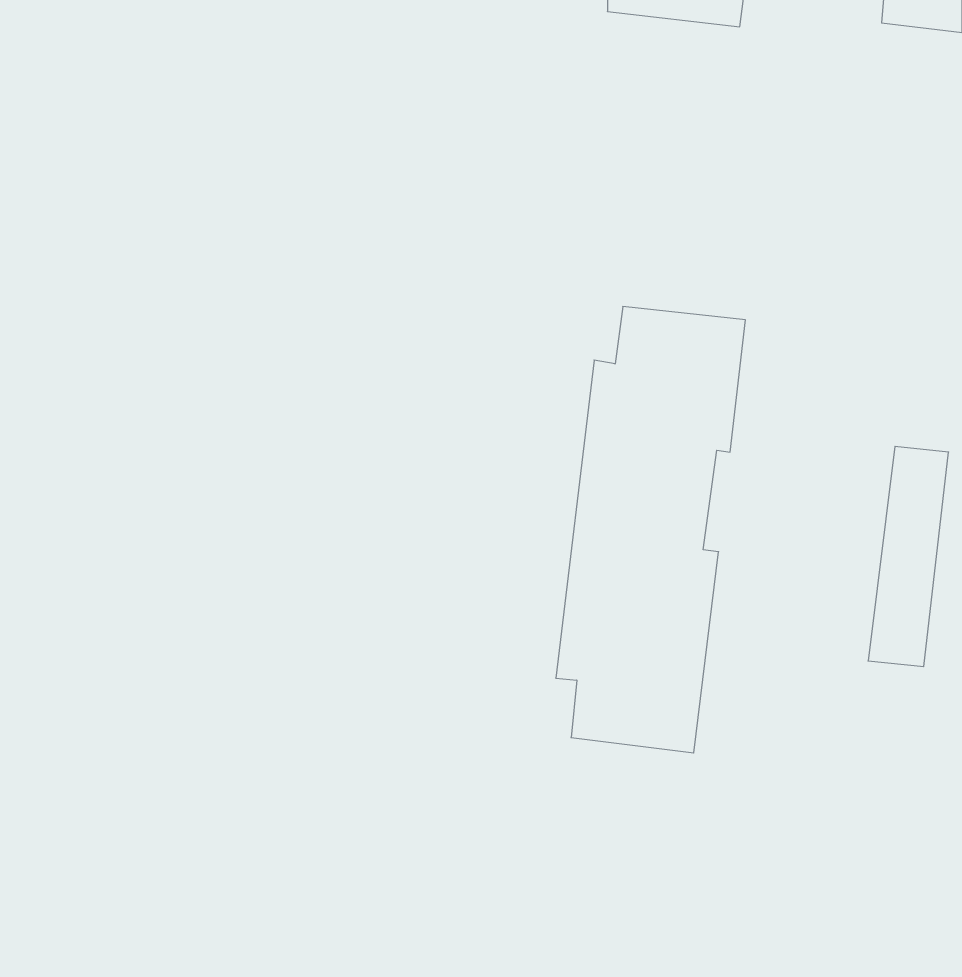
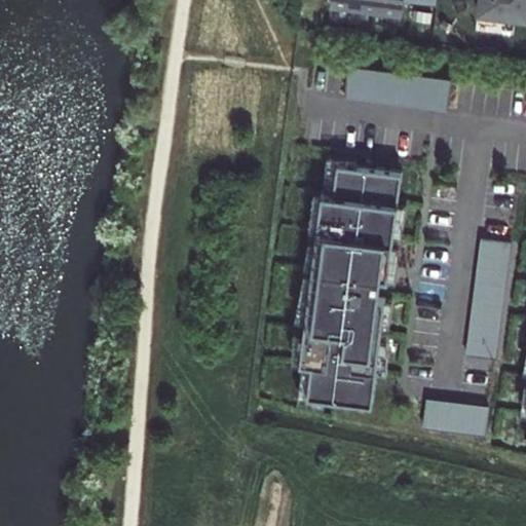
building: none -> [341,68,447,109]
building: none -> [423,401,487,439]

